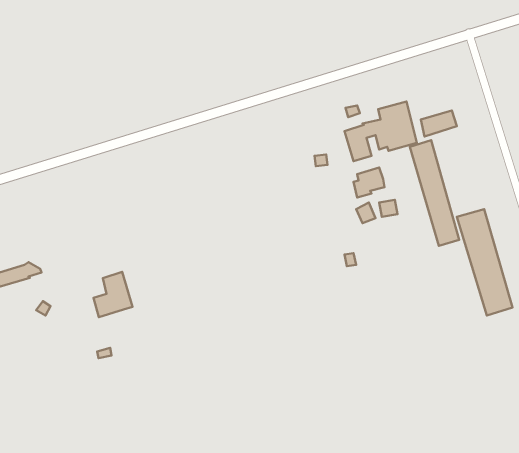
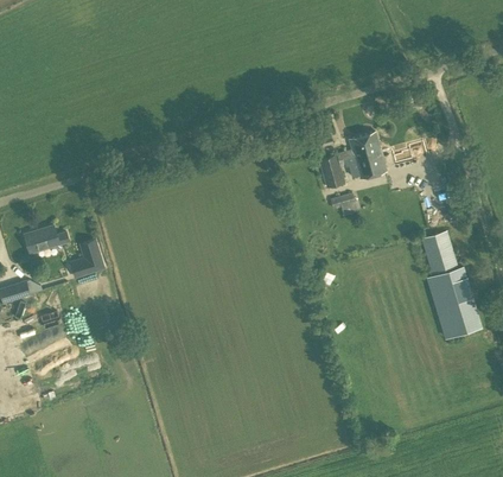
building: [410,140,459,246] -> none
building: none -> [24,227,69,254]
building: [94,272,132,317] -> [69,238,104,280]

